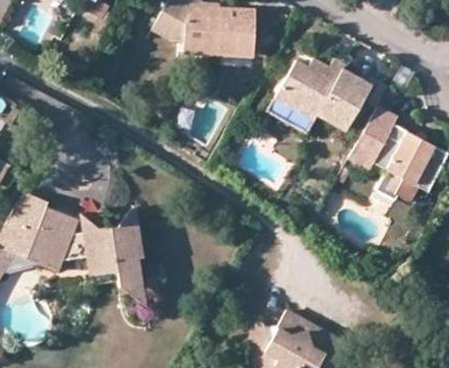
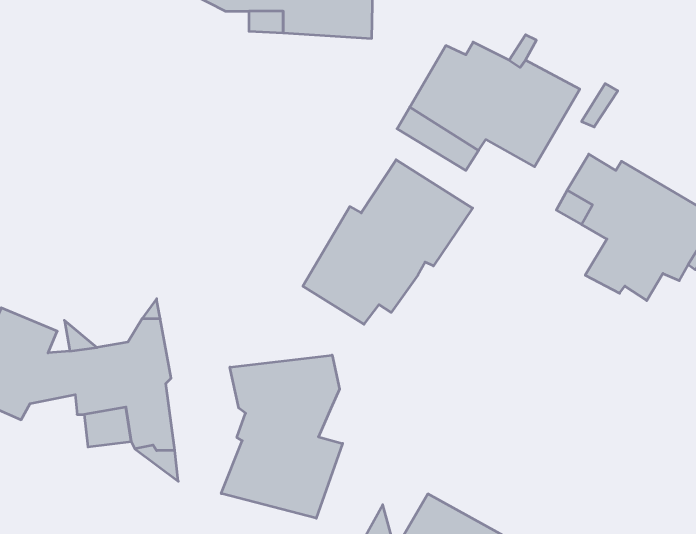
building: none -> [303,160,473,324]
building: none -> [221,355,343,518]

